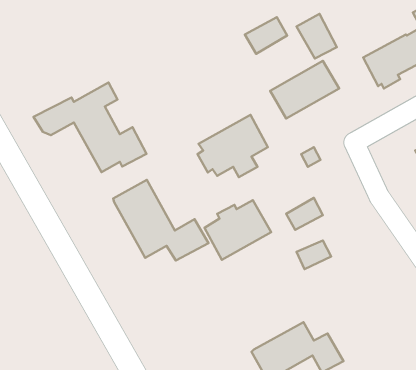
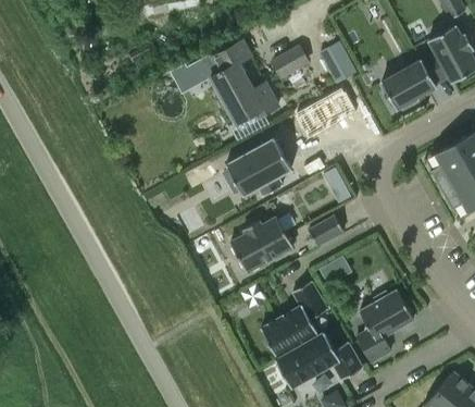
building: [34,82,146,172] -> [171,39,277,124]
building: [113,180,209,261] -> none
building: none -> [261,283,328,359]
building: none -> [357,291,414,363]

